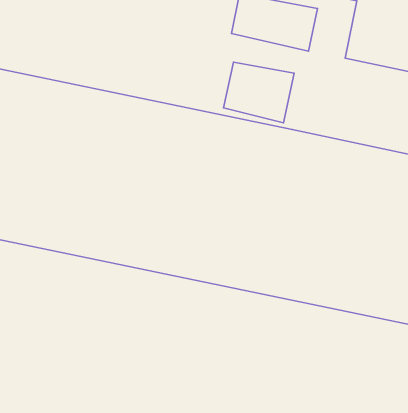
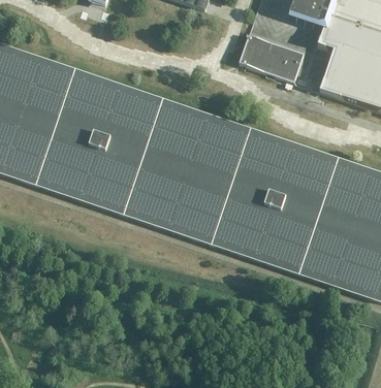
building: [223,62,294,123] -> none

